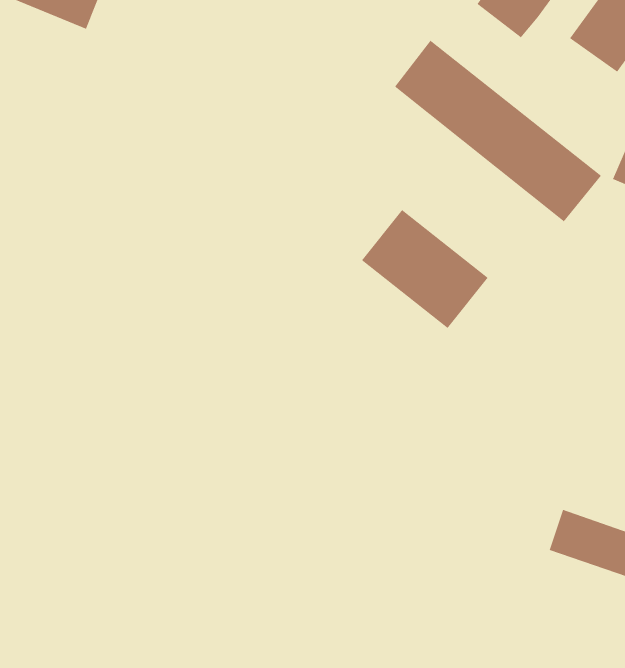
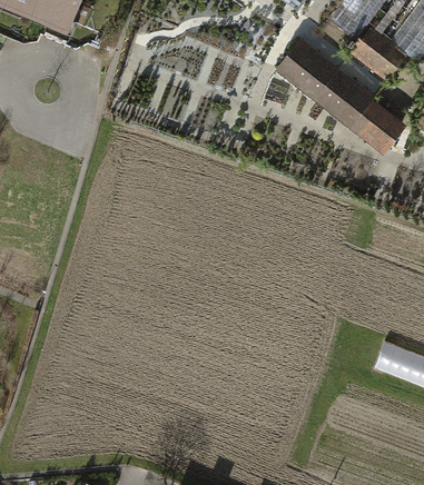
building: none -> [349,33,403,83]
building: [361,209,488,329] -> none

